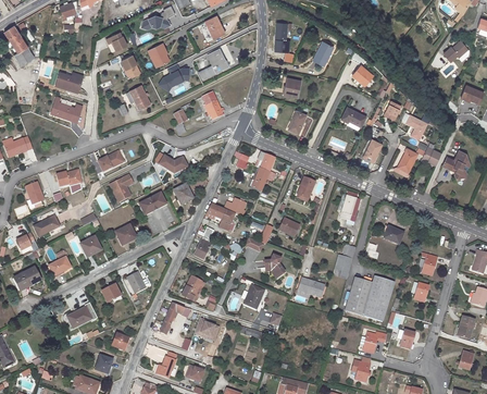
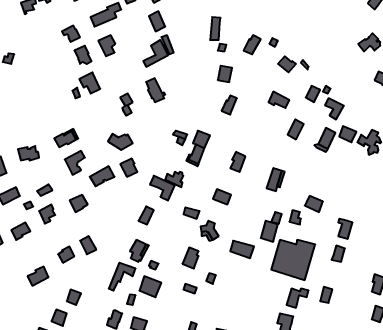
building: [158,63,189,91] -> none
building: [52,70,83,93] -> none
building: [48,96,83,124] -> none

